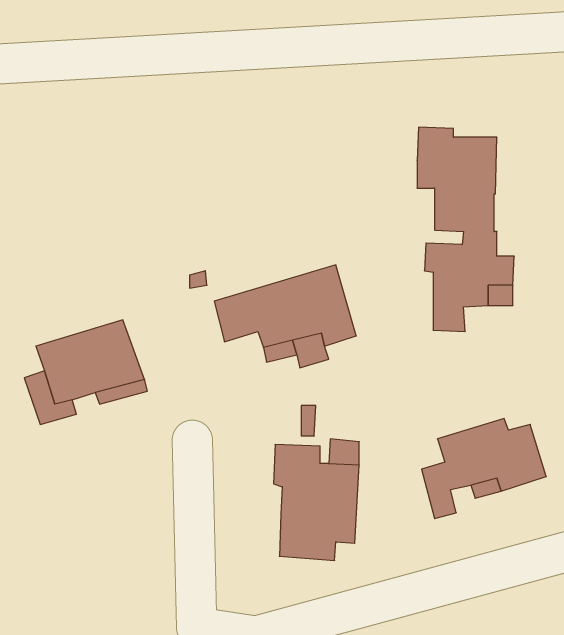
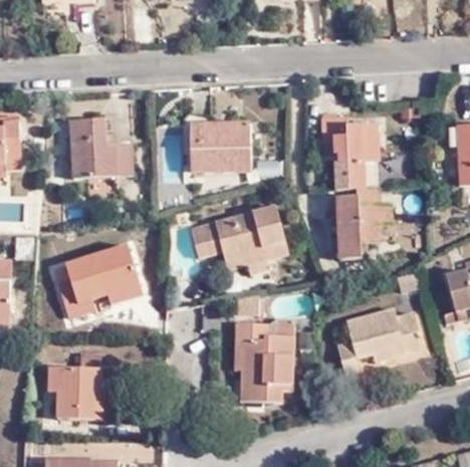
building: none -> [81,113,141,176]
building: none -> [192,114,258,166]
building: none -> [45,355,99,422]

